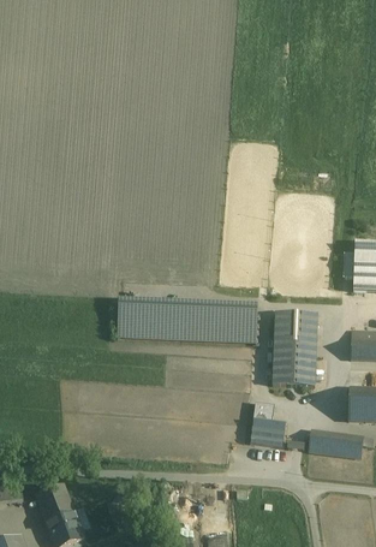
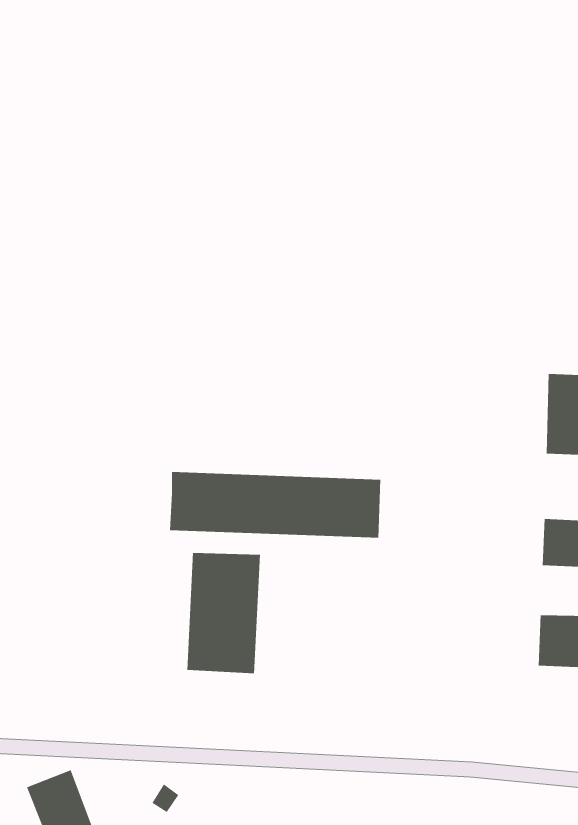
building: [271,313,317,387] -> [186,552,261,674]
building: [250,418,286,447] -> none
building: [309,430,364,457] -> none

